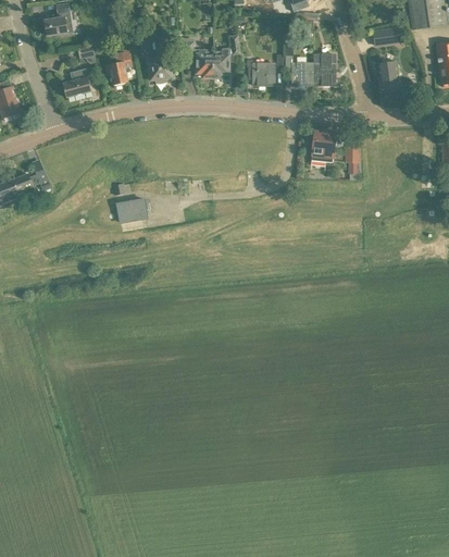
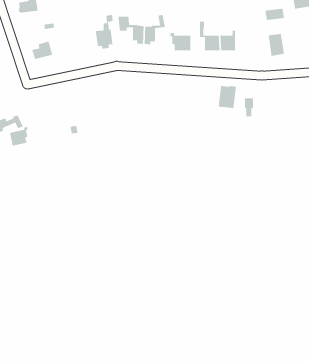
building: [105,48,137,83] -> none
building: none -> [9,126,28,146]
building: [117,197,147,221] -> none

